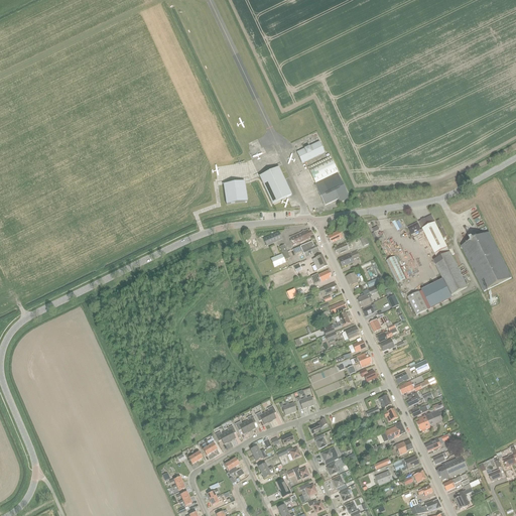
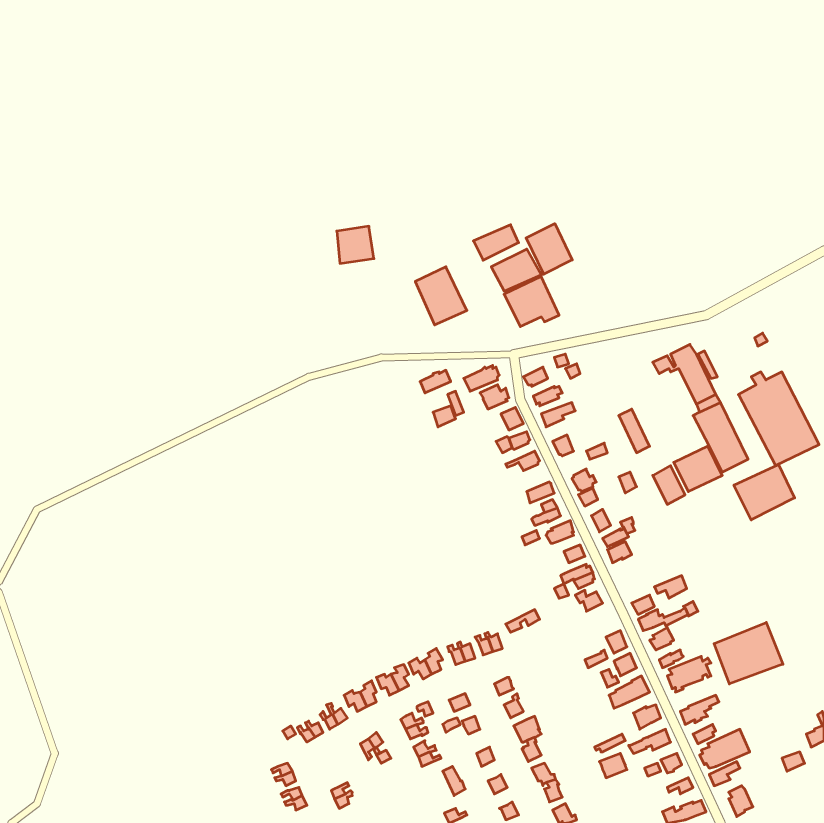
building: none -> [526,224,572,274]
building: [223,179,246,203] -> [337,226,374,263]
building: none -> [734,464,795,520]
building: none -> [714,622,783,684]

